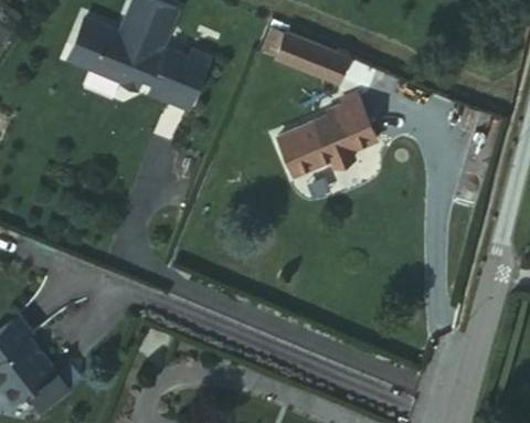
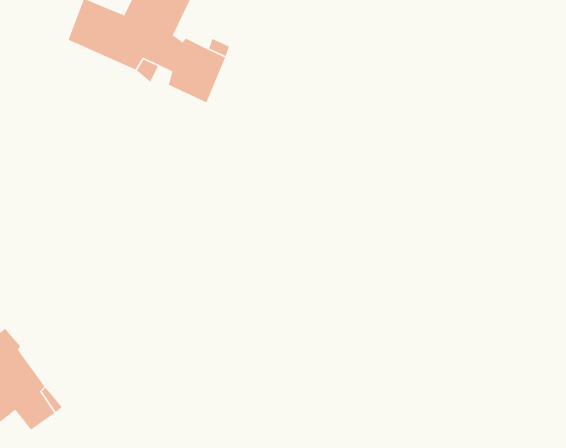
building: [272,34,343,85] -> none
building: [273,96,372,177] -> none

